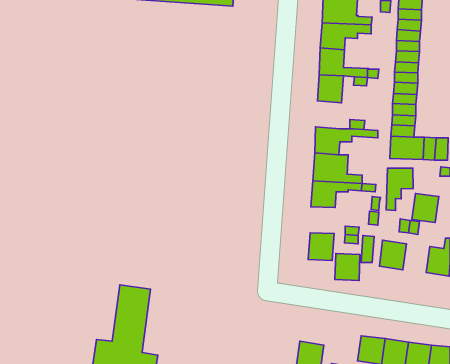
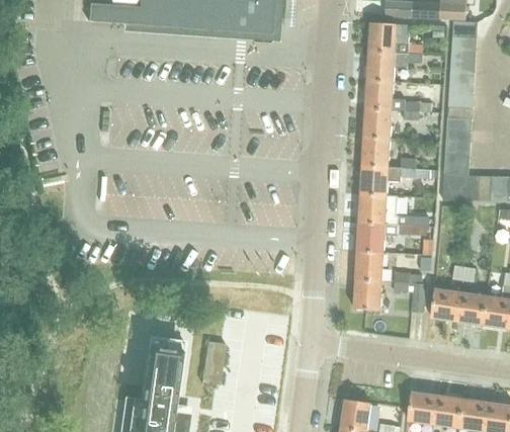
building: none -> [361,137,390,167]
building: [386,168,413,210] -> none
building: [412,194,439,222] -> [456,292,486,324]
building: [335,254,360,281] -> [355,252,382,281]

